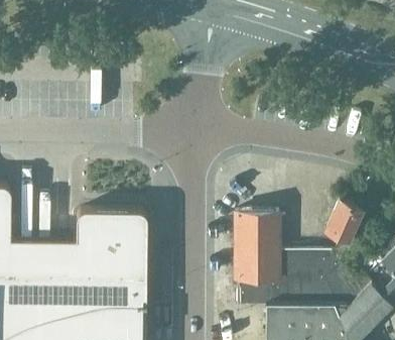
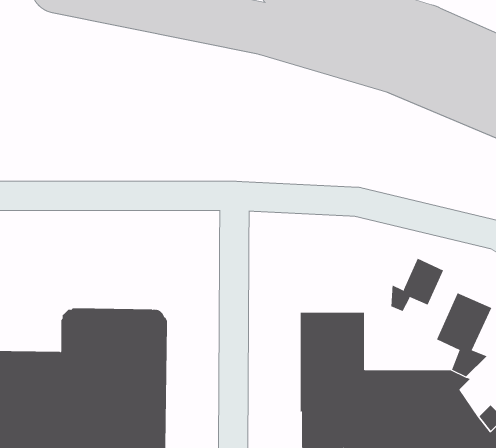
building: none -> [391,258,444,312]

